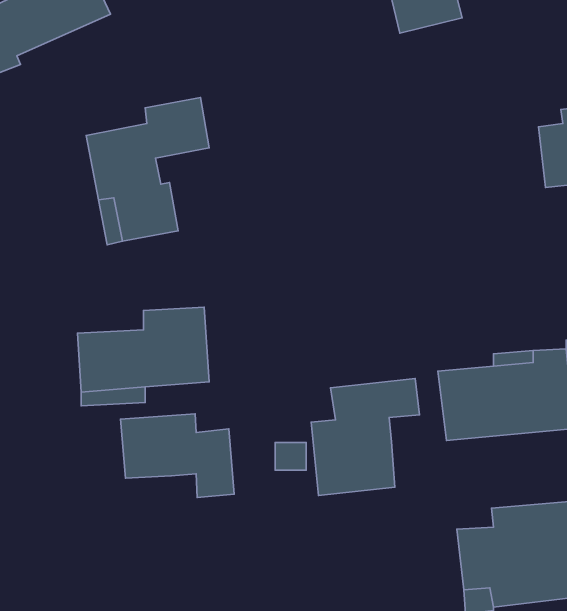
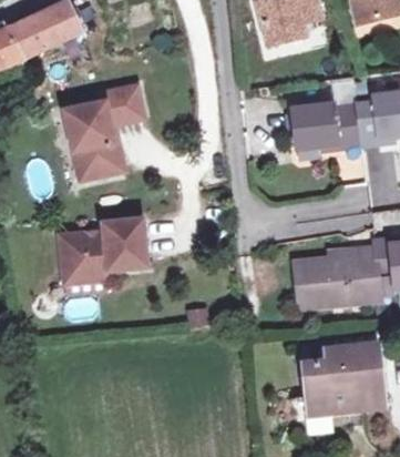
building: none -> [289,98,360,148]
building: [311,378,420,496] -> none
building: [121,414,234,498] -> none

